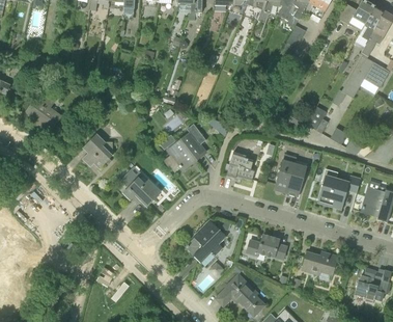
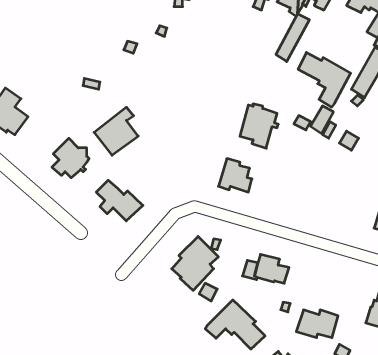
building: none -> [298,52,351,107]
building: [167,127,205,168] -> [94,107,138,155]
building: [275,157,308,195] -> [240,104,278,148]
building: [319,167,360,209] -> none
building: [301,250,337,274] -> [296,310,338,338]

